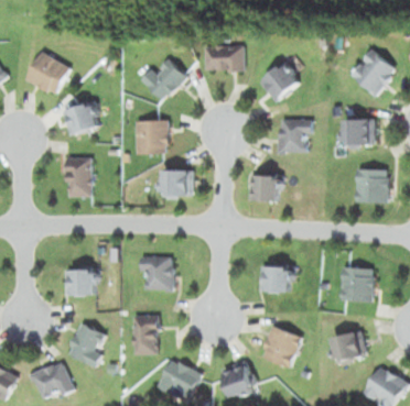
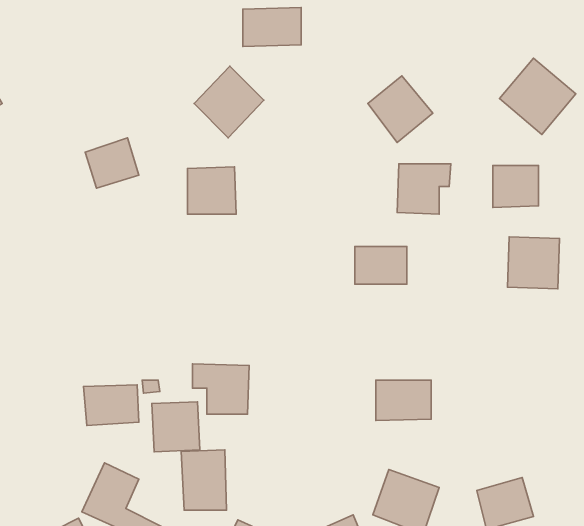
building: [204,45,244,72] -> [243,8,301,47]
building: [25,52,72,96] -> none
building: [67,156,96,197] -> none
building: [164,169,197,196] -> none
building: [342,267,376,300] -> none
building: none -> [152,402,200,452]

